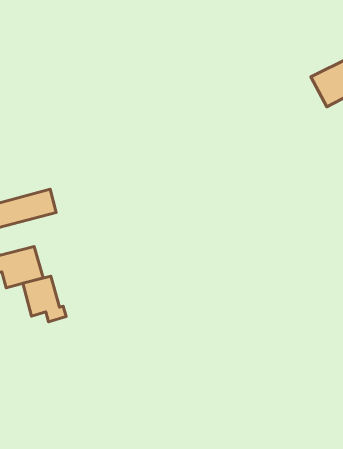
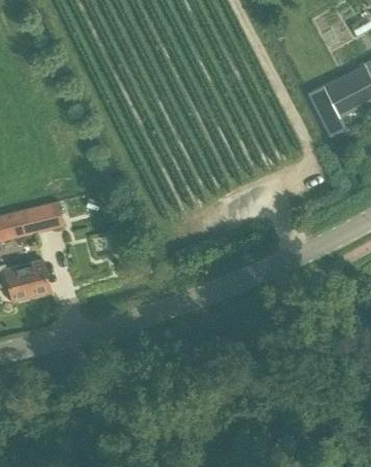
building: none -> [310,85,346,135]
building: [23,276,66,322] -> none

